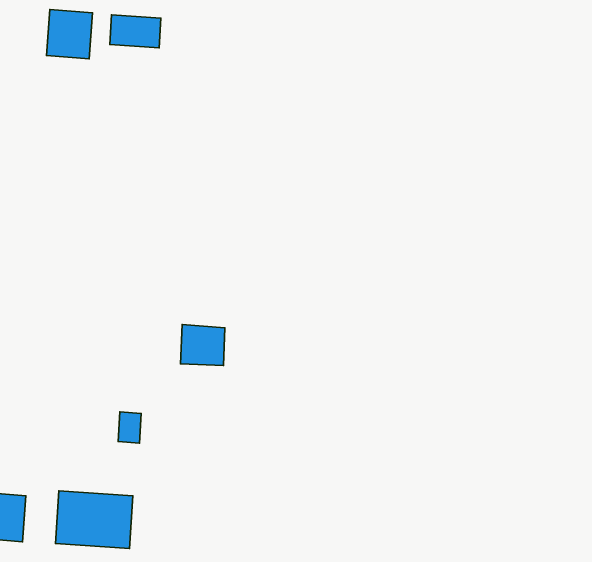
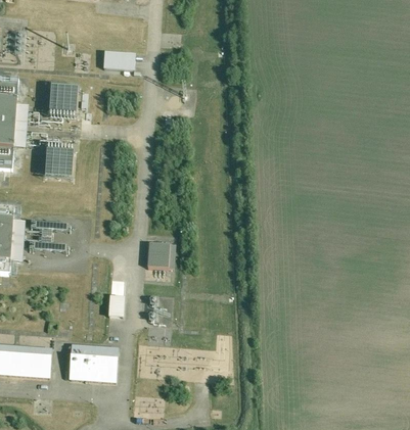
building: [47,9,93,59] -> [51,84,80,114]
building: none -> [48,150,75,176]

